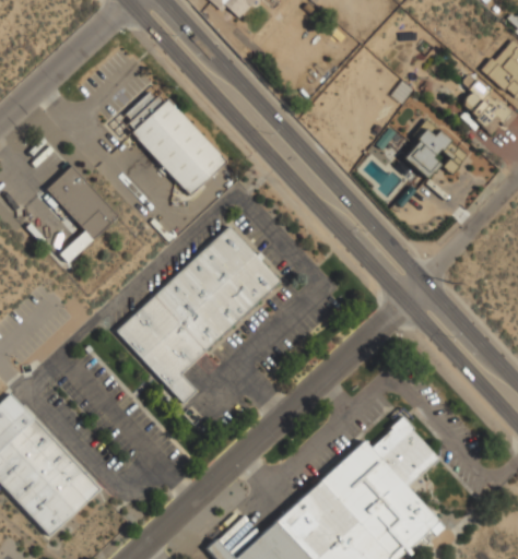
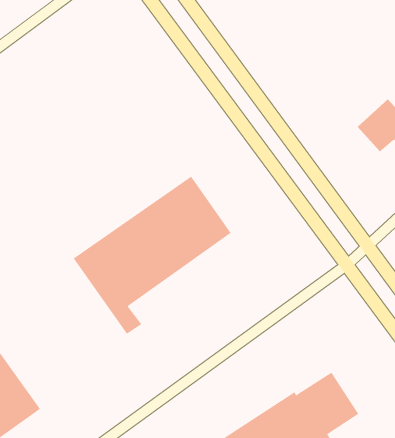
building: [120,85,225,194] -> none
building: [46,164,119,262] -> none

